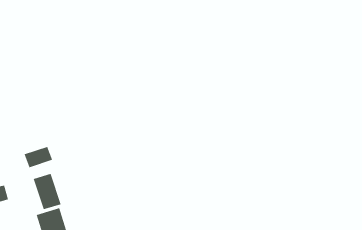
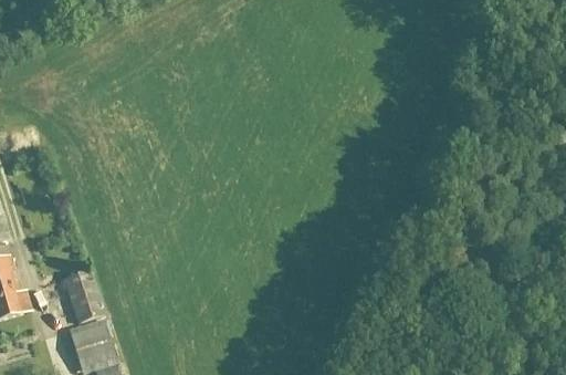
building: [24,146,53,168] -> none

